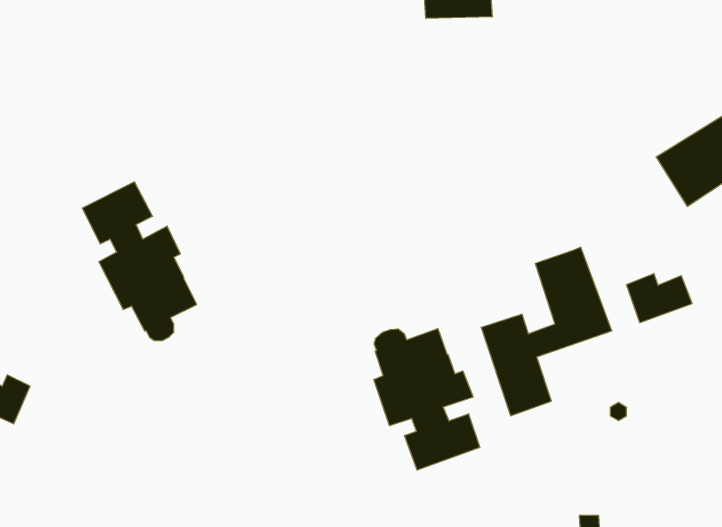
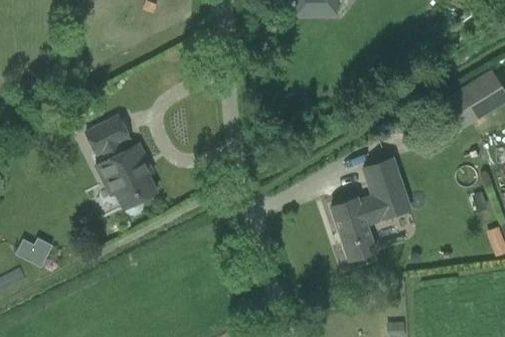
building: [627,273,692,323] -> none
building: [374,329,480,470] -> none

